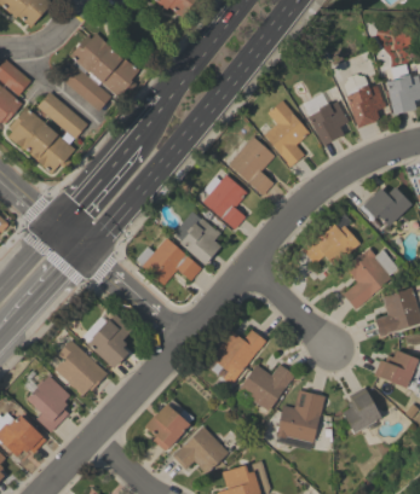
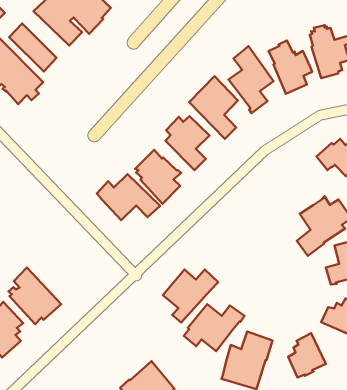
building: [303,214,361,268] -> none
building: [82,314,132,368] -> none
building: [144,400,194,452] -> none

